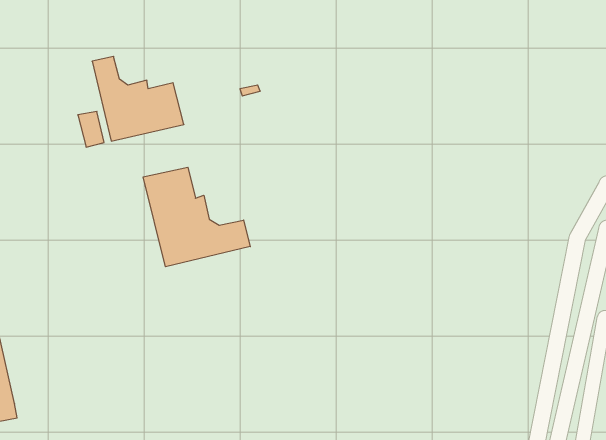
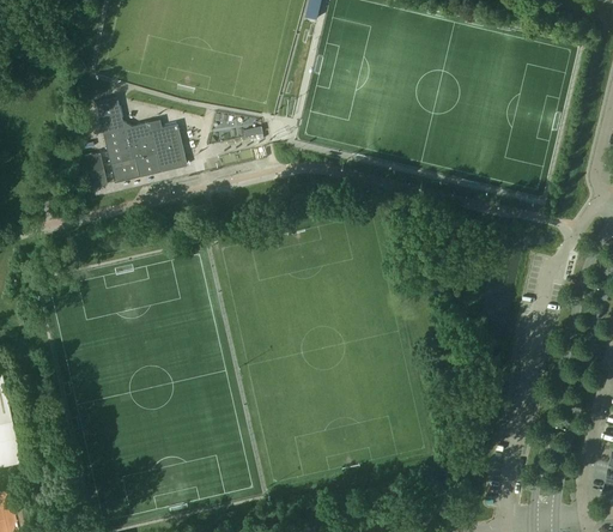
building: [143,167,250,267] -> none

